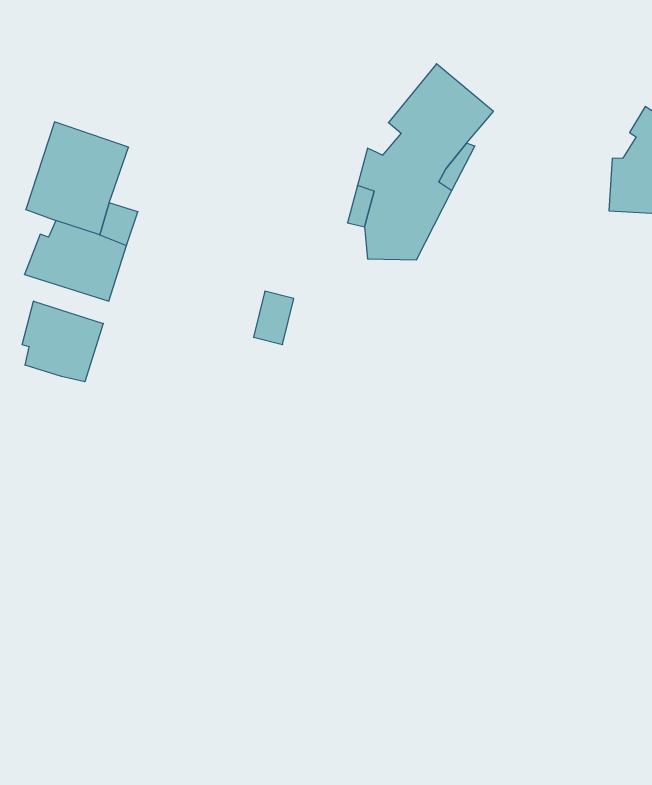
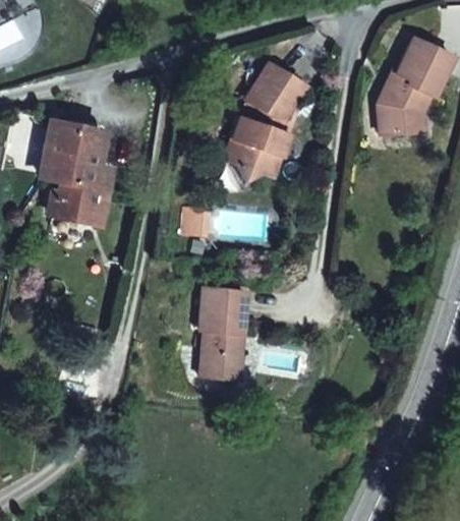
building: [22,301,103,382] -> none
building: none -> [200,286,246,379]

